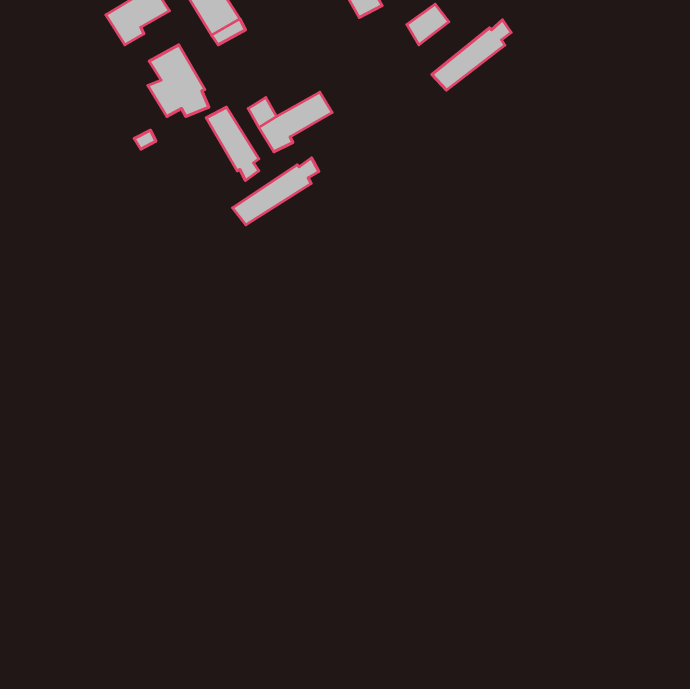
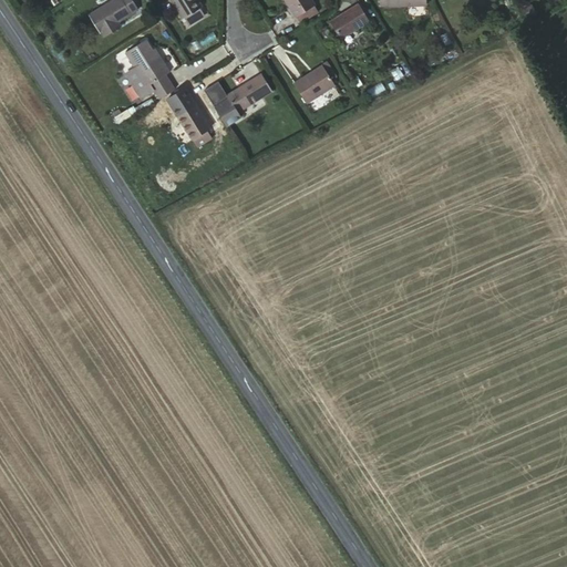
building: [432,20,511,90] -> none
building: none -> [296,66,337,104]
building: [232,158,319,225] -> none

